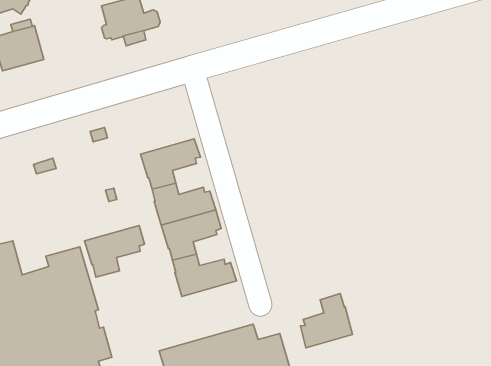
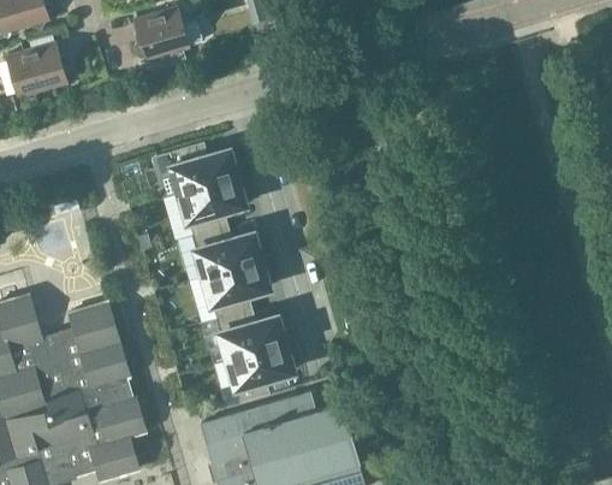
building: none -> [167,143,240,194]
building: [85,226,144,277] -> [226,342,296,402]
building: [300,294,353,348] -> none

